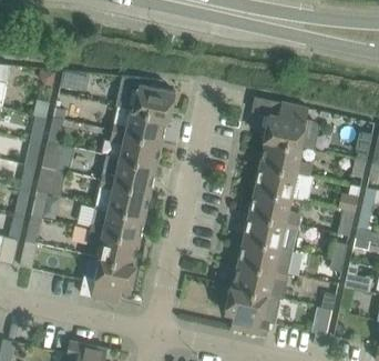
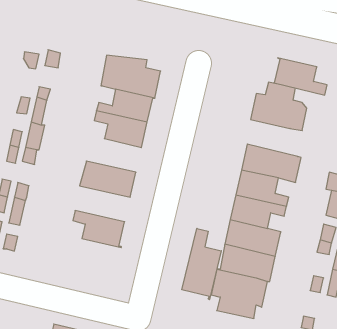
building: [259,139,311,176] -> [274,58,327,95]
building: [101,156,155,191] -> none
building: [90,204,144,240] -> none
building: none -> [182,228,221,300]
building: [80,257,135,302] -> none

